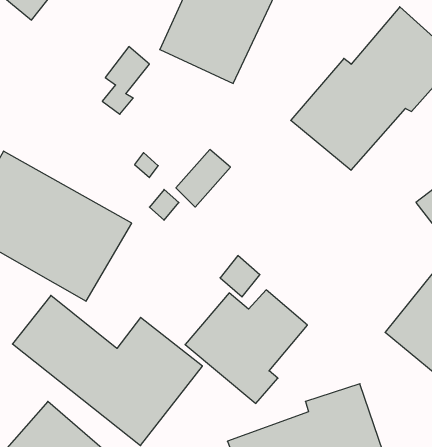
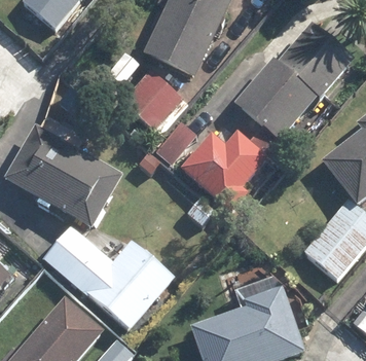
building: none -> [122,70,181,129]
building: [185,290,307,403] -> [181,131,266,210]

